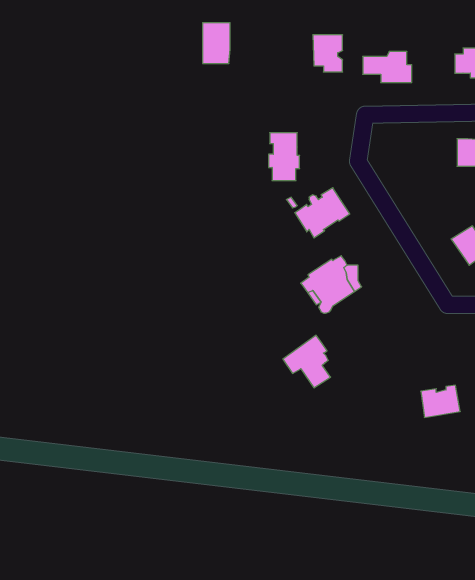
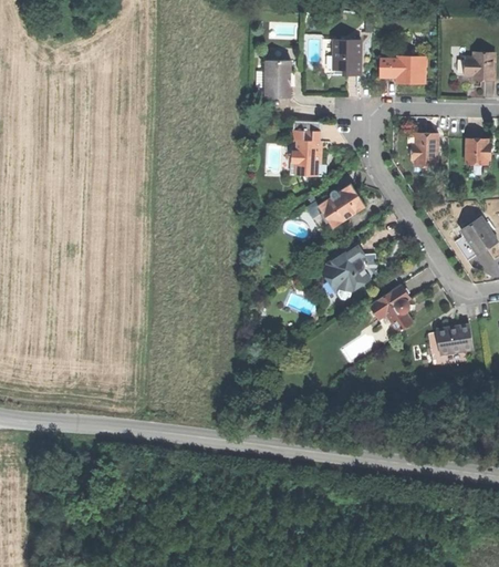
building: [203,23,230,63] -> [264,61,290,99]
building: none -> [410,133,437,163]
building: [283,335,331,388] -> [368,284,413,332]
building: [421,385,460,417] -> [436,323,472,353]

